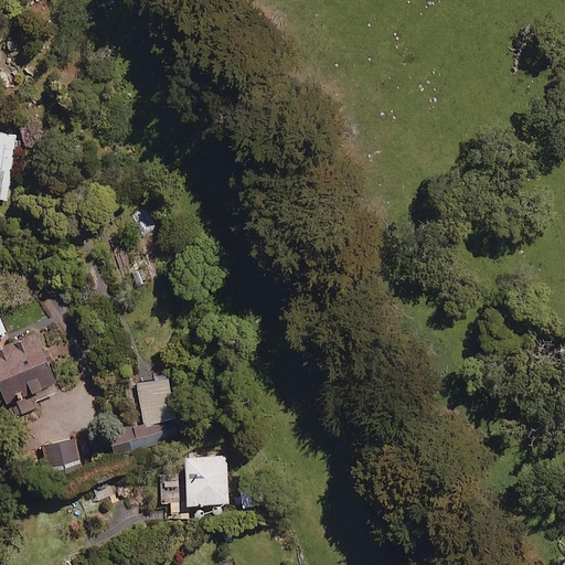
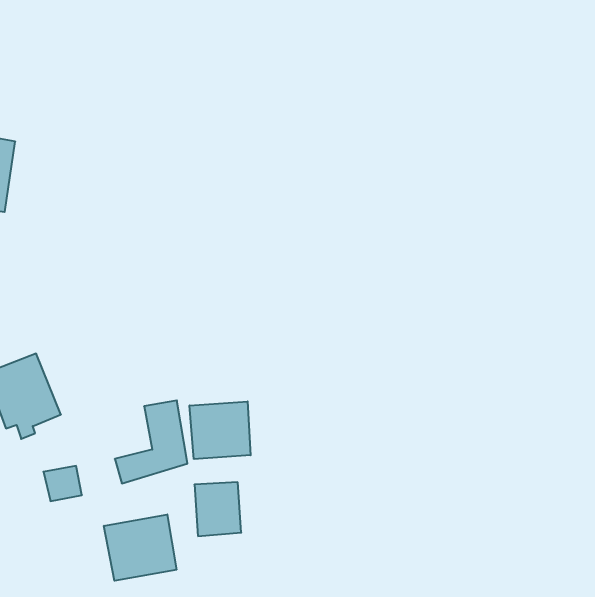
building: none -> [190,401,251,459]
building: none -> [104,514,176,581]

